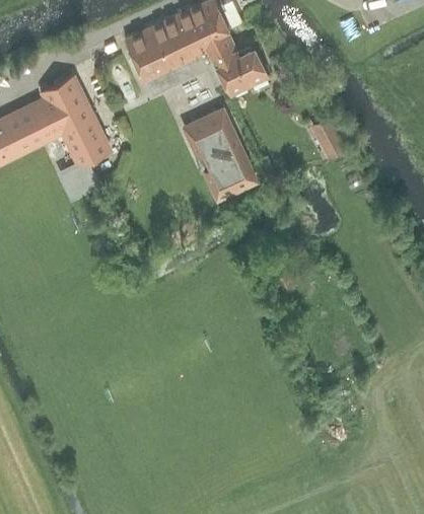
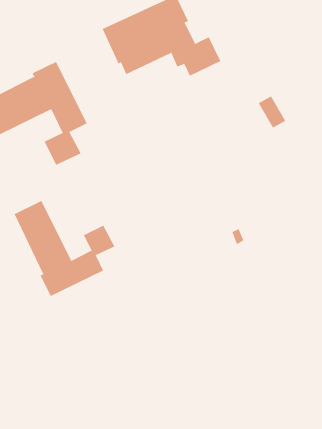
building: [187,108,254,194] -> none
building: none -> [14,200,115,297]

